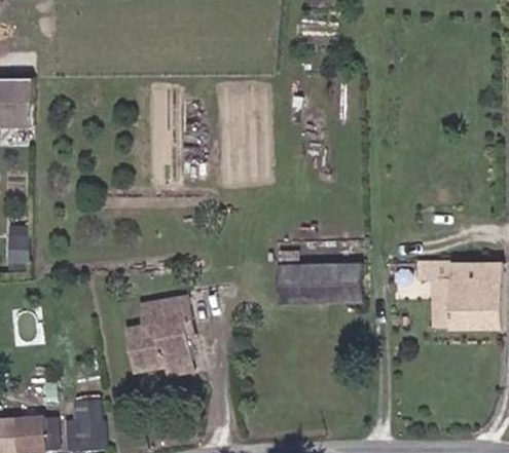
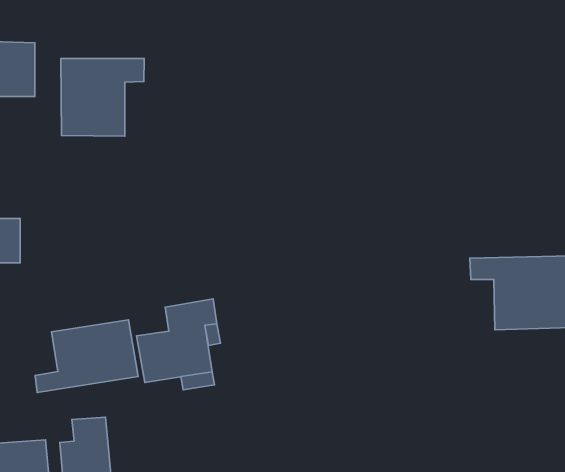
building: none -> [61,58,144,136]
building: [279,268,357,297] -> none
building: none -> [35,320,138,393]

